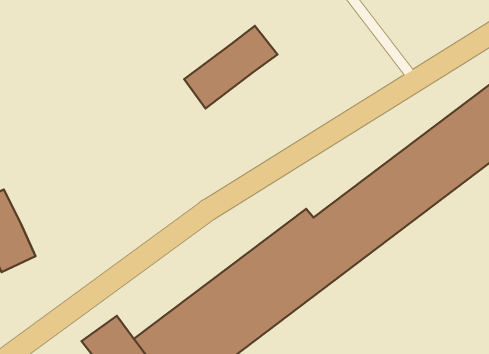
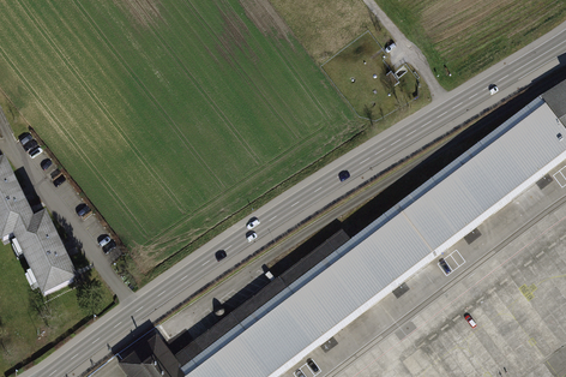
building: [184,26,277,109] -> none

